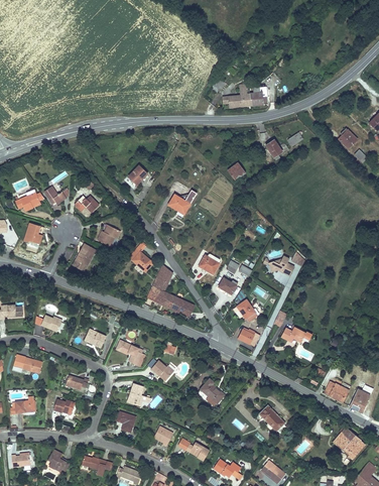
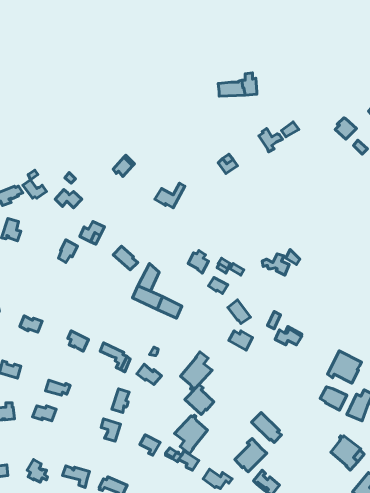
building: none -> [327,351,362,383]
building: none -> [181,352,212,390]
building: none -> [175,415,207,454]
building: none -> [235,439,267,472]

